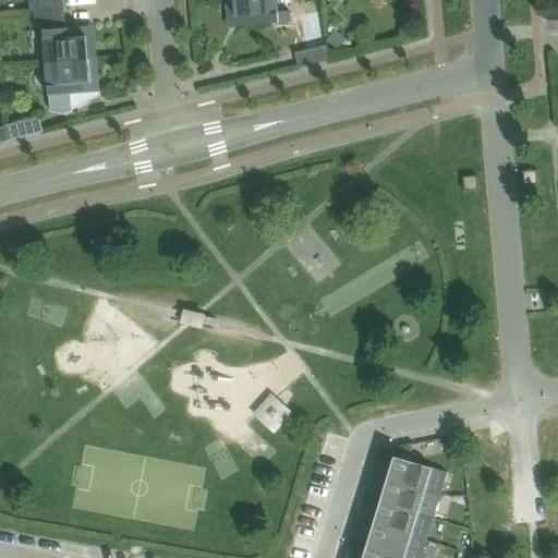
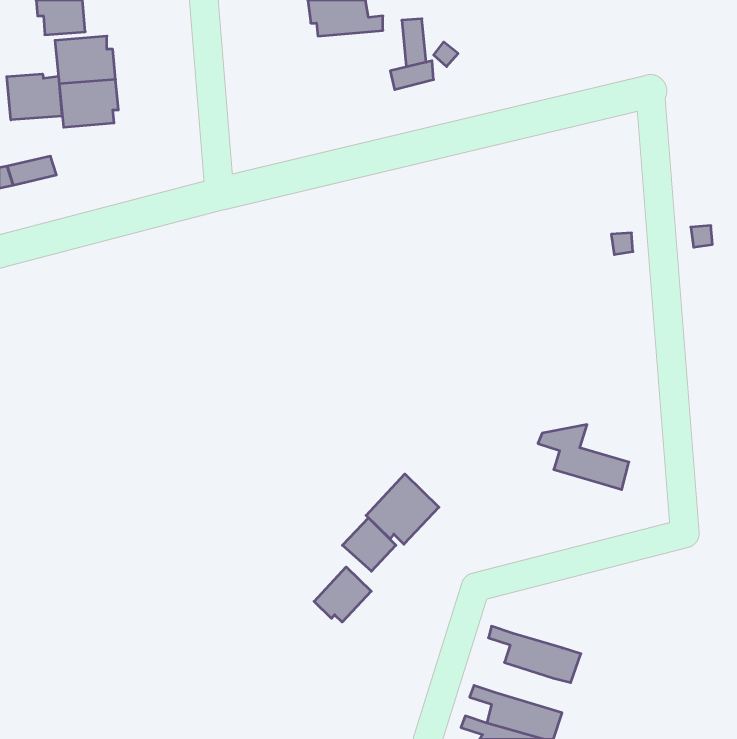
building: none -> [7,74,62,120]
building: none -> [366,474,439,544]
building: none -> [314,567,371,622]
building: [375,444,444,493] -> [538,425,629,490]
building: [362,495,430,537] -> none

